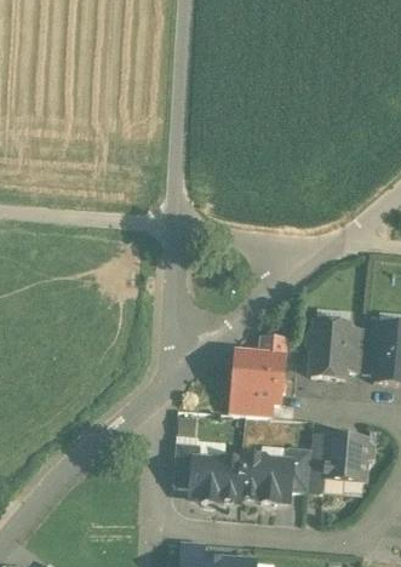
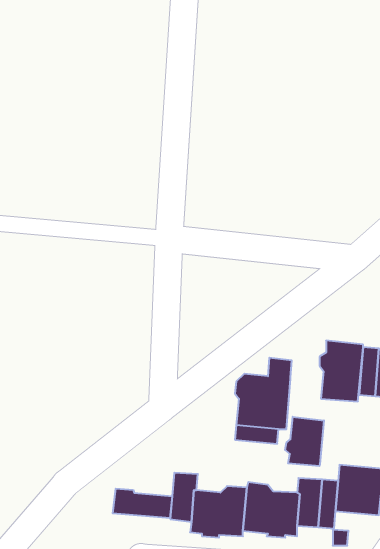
building: none -> [285,417,324,466]
building: none -> [113,489,172,518]

